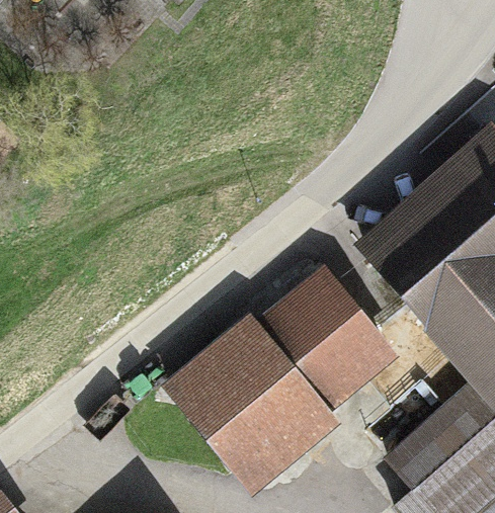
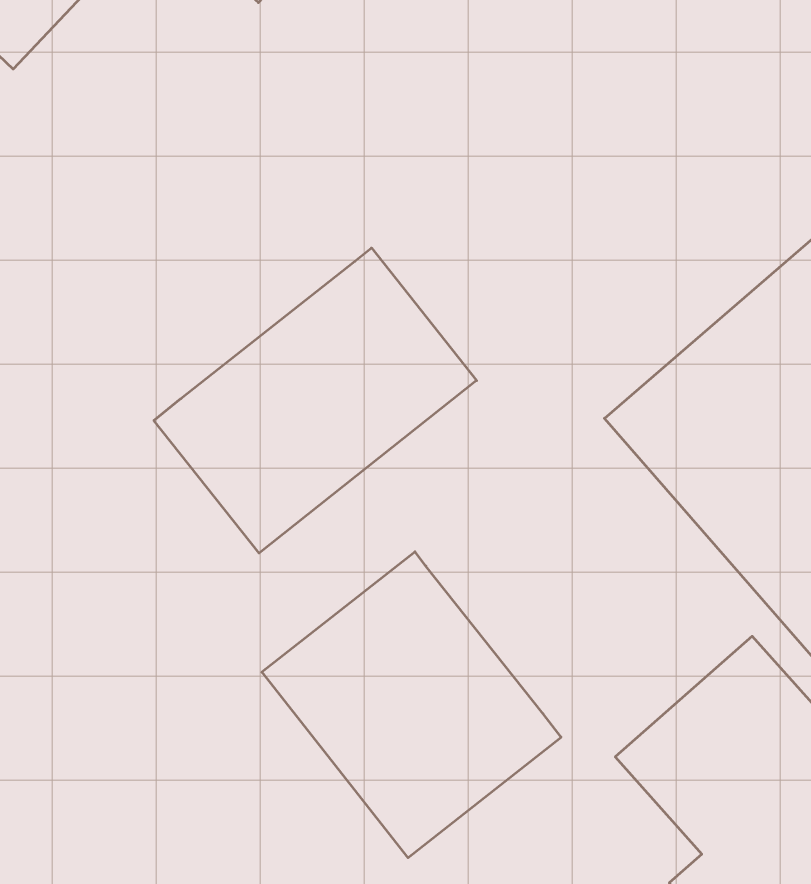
building: none -> [154,248,477,553]
building: [259,276,389,409] -> none

